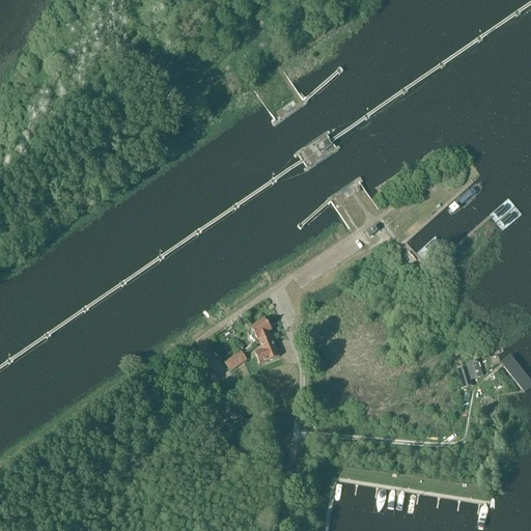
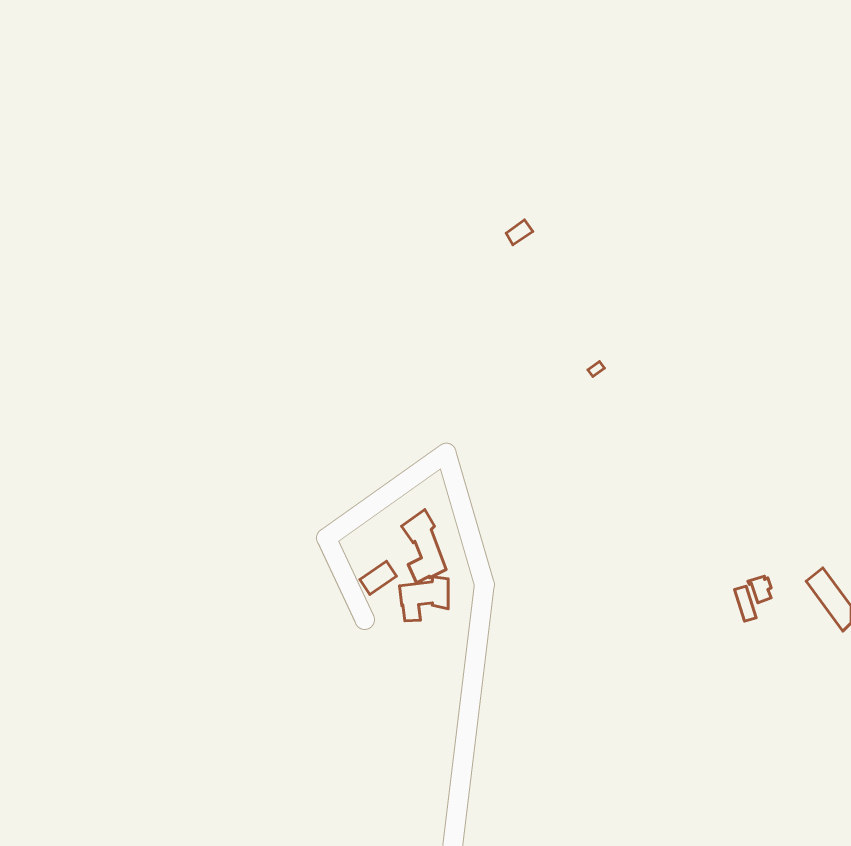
building: none -> [400,577,448,621]

